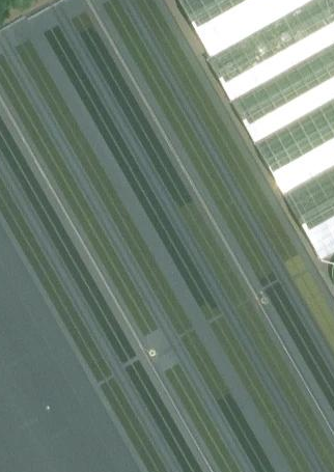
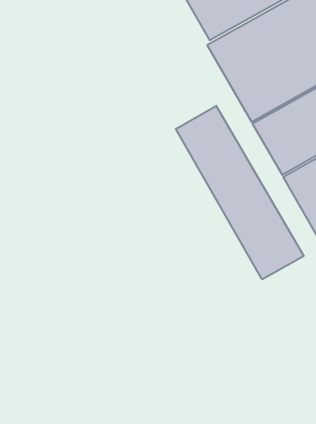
building: none -> [176,106,304,279]

